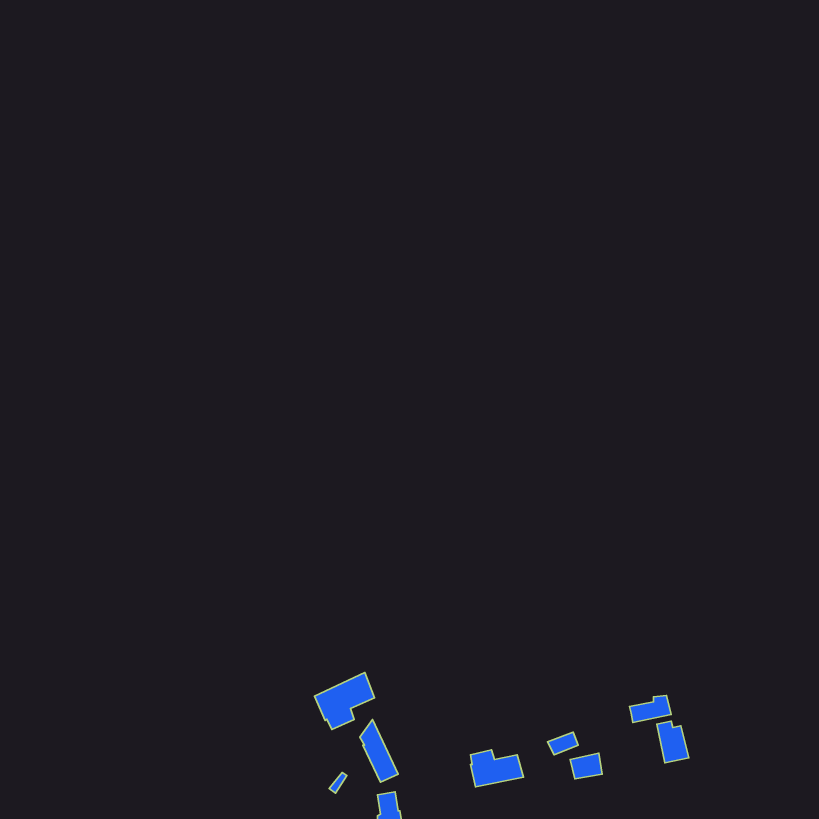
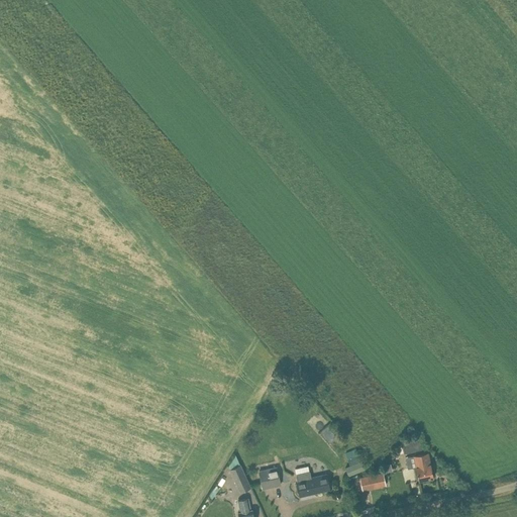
building: [314,672,374,729] -> none
building: none -> [257,467,280,490]

